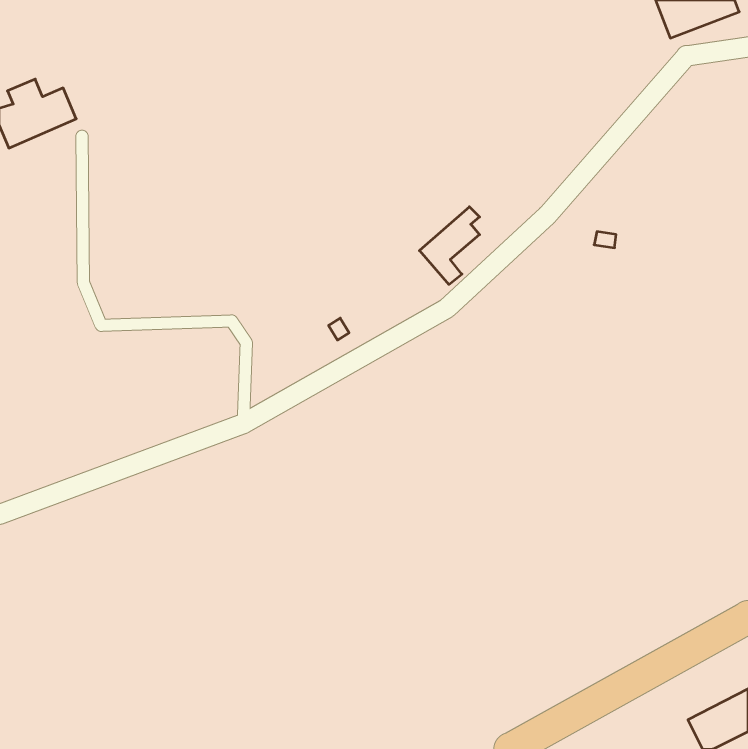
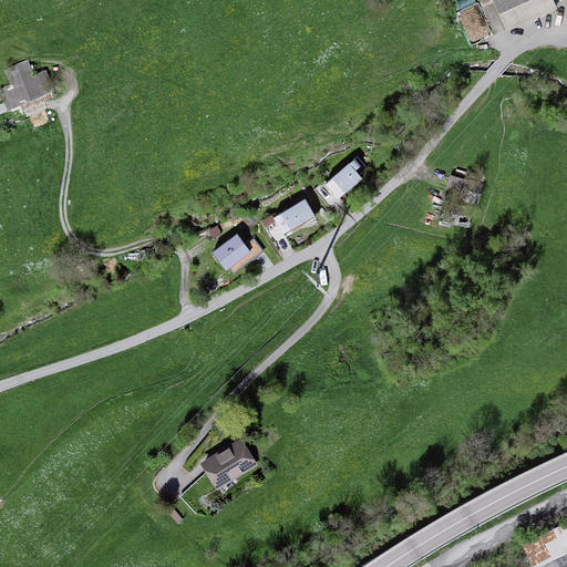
building: none -> [271,197,313,234]
building: none -> [212,233,249,269]
building: none -> [199,439,258,493]

